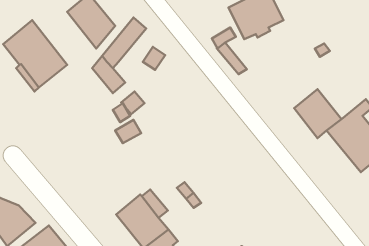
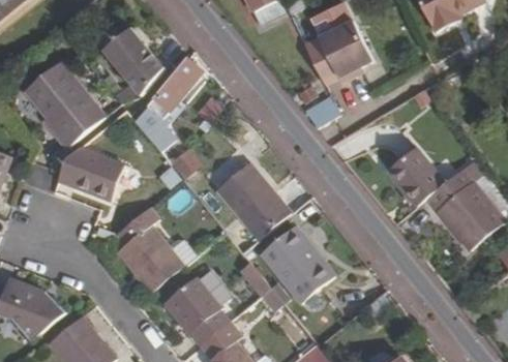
building: none -> [56,147,123,200]
building: none -> [215,161,290,239]
building: none -> [115,206,183,293]
building: none -> [259,224,335,303]

